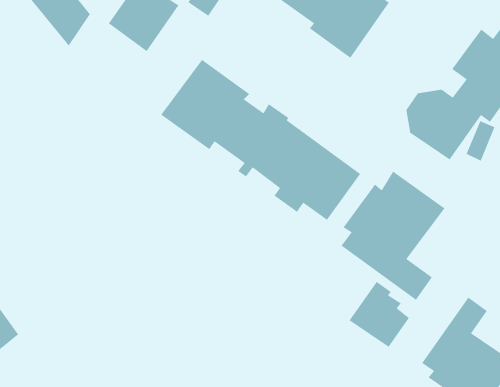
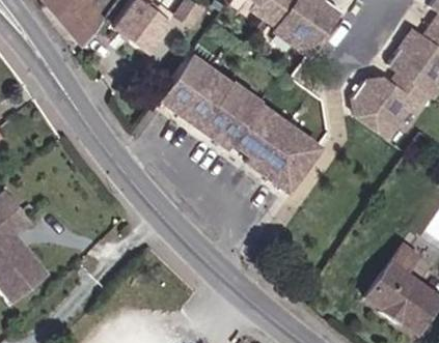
building: [340,171,445,301] -> none
building: [348,281,410,348] -> none

